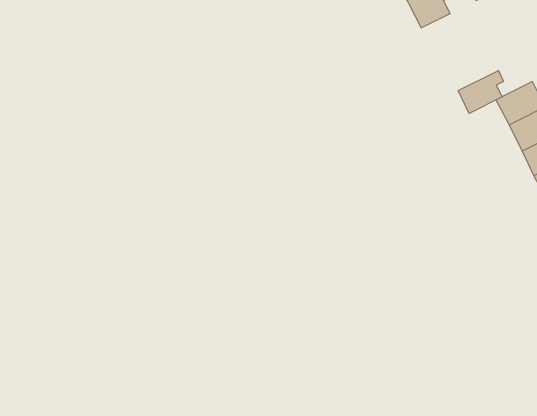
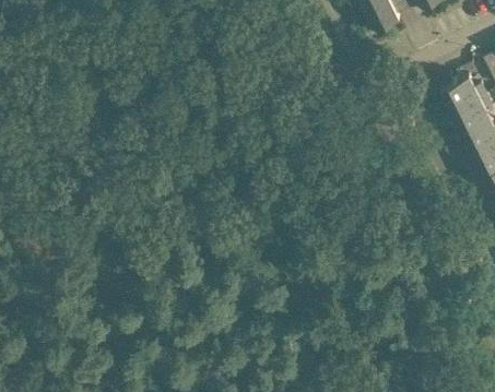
building: [458,70,503,113] -> none

